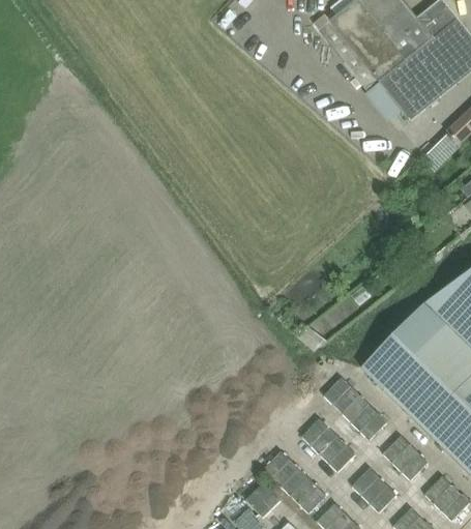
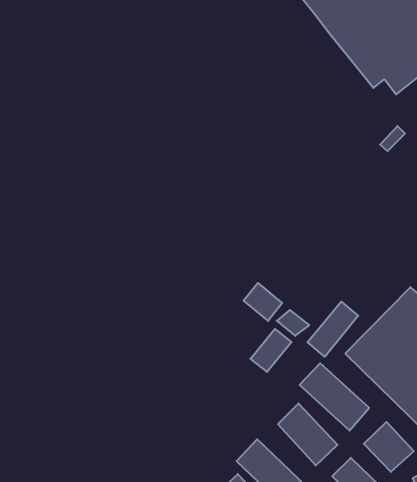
building: none -> [244,283,282,321]
building: none -> [307,302,358,357]
building: none -> [250,329,292,372]

